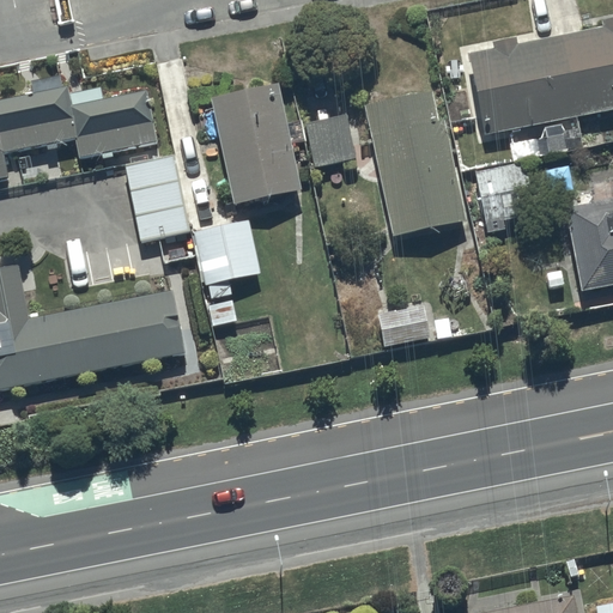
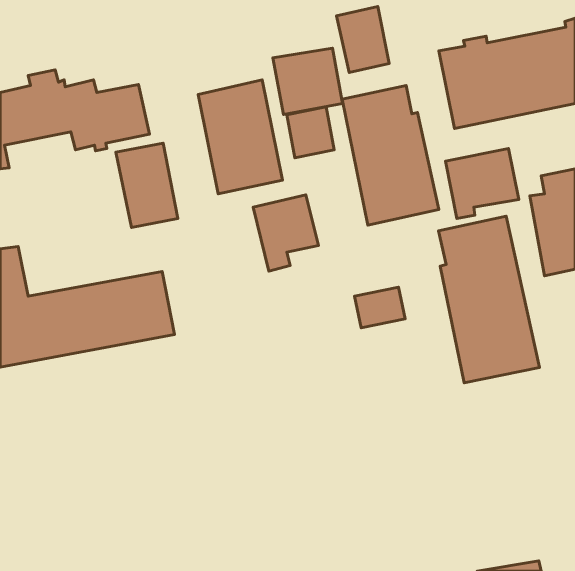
building: none -> [337,6,389,72]
building: none -> [273,48,343,114]
building: [193,220,262,302] -> [253,195,318,271]
building: none -> [439,216,539,383]

